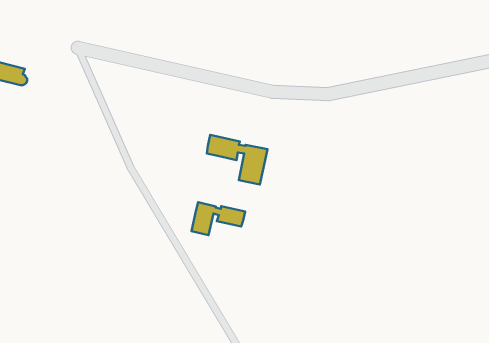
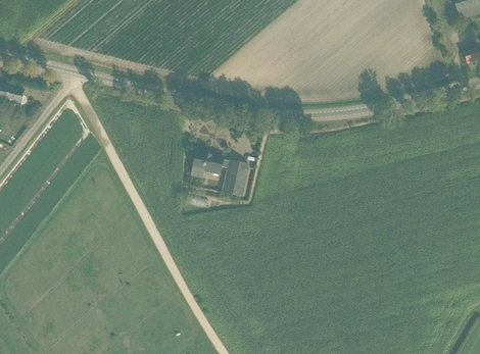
building: [192,202,245,235] -> none

